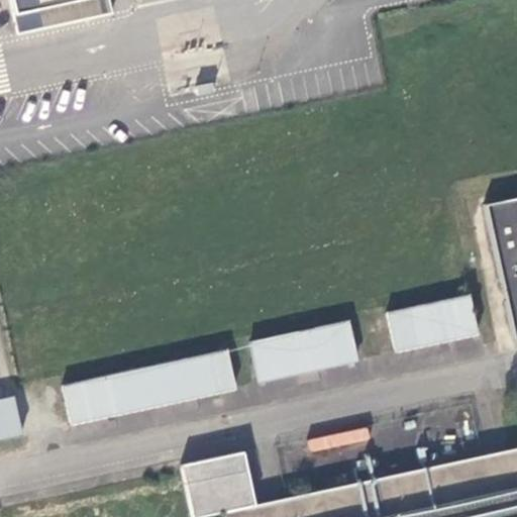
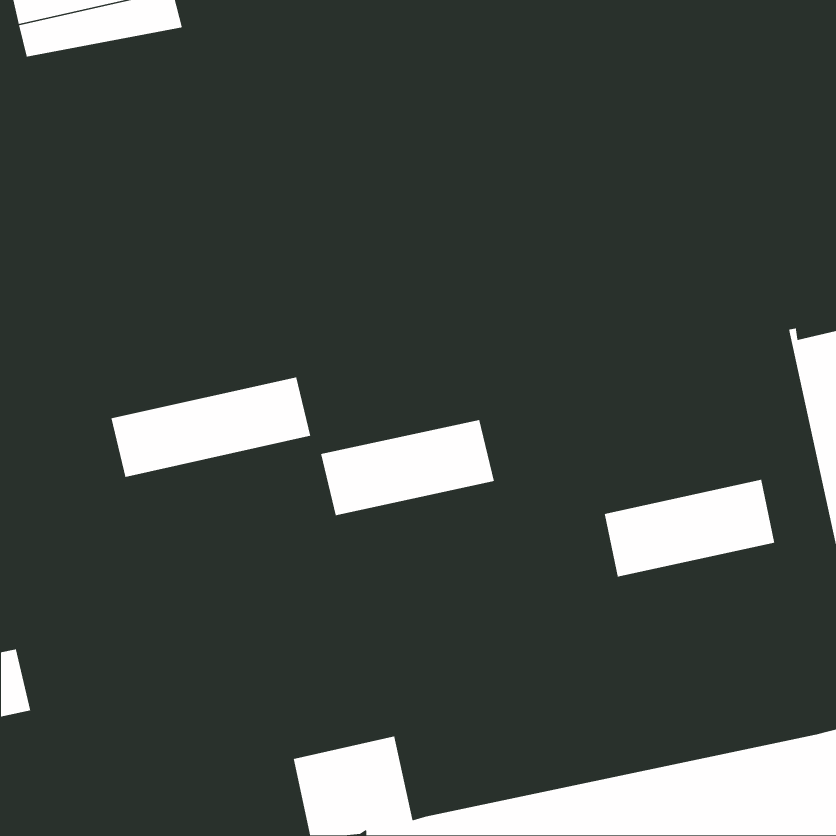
building: none -> [110,376,311,478]
building: [251,321,358,381] -> [320,419,495,516]
building: [62,350,237,426] -> none

